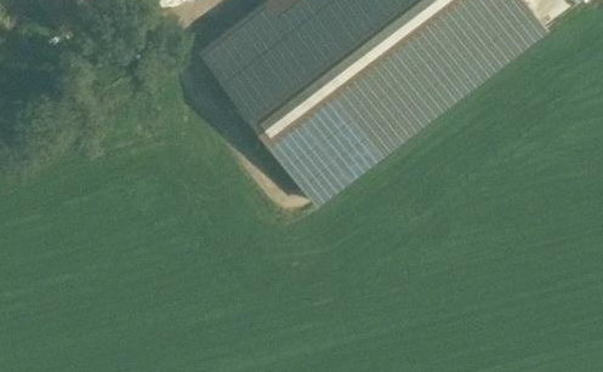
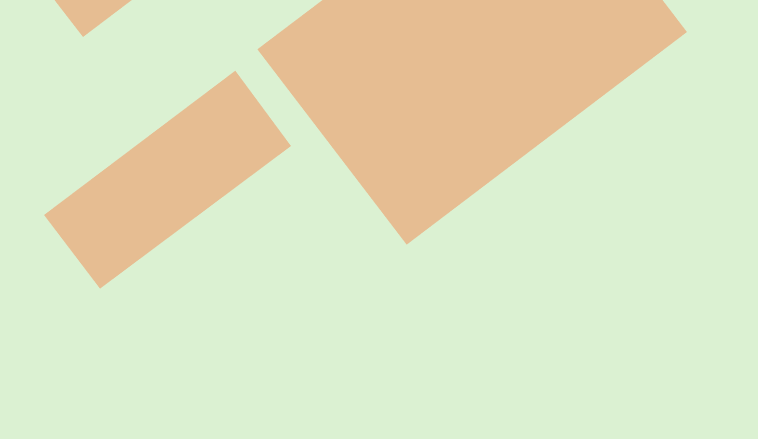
building: none -> [43,70,292,290]

